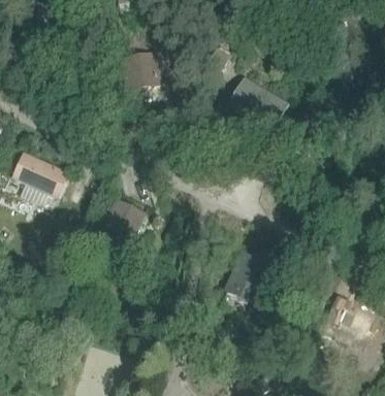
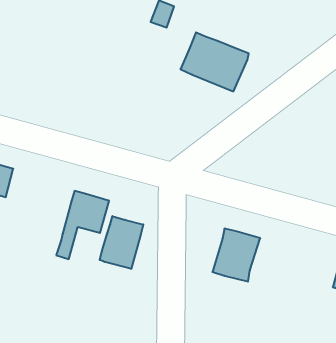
building: [122,52,159,88] -> none
building: none -> [100,216,143,269]

